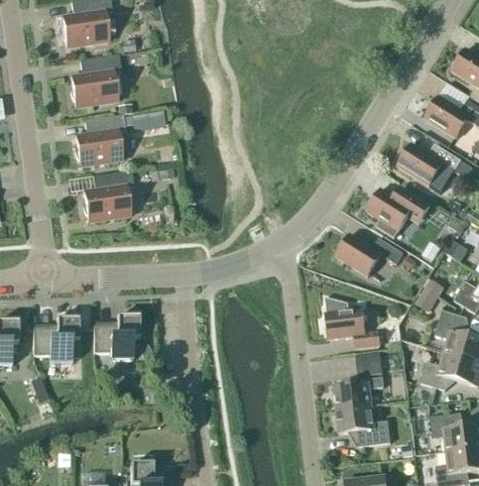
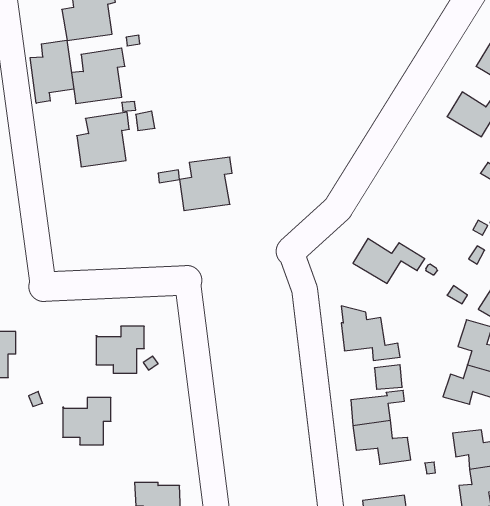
building: none -> [30,40,74,103]
building: [397,142,461,186] -> none
building: [84,170,133,221] -> [180,157,232,211]
building: [367,186,431,236] -> none
building: [33,318,79,362] -> [63,398,111,445]

